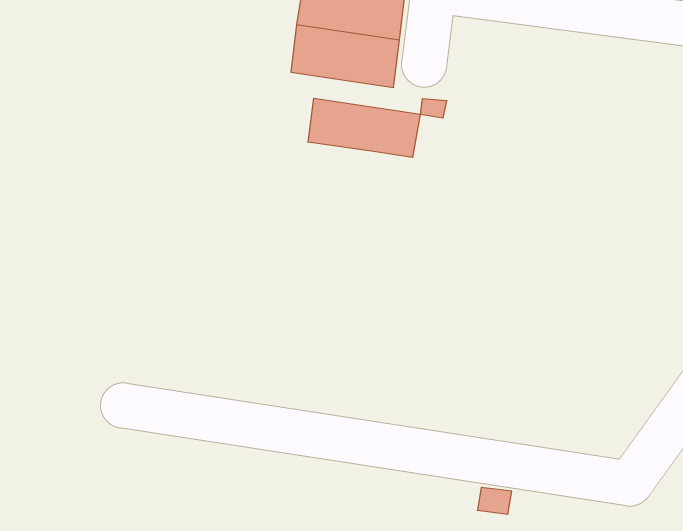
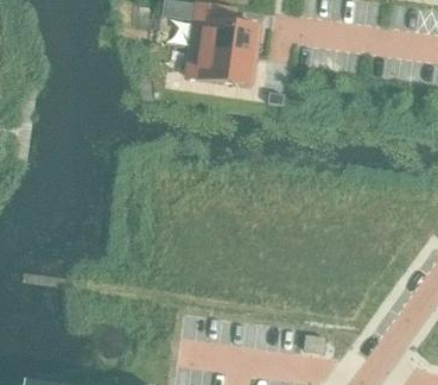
building: [308,98,420,157] -> none

